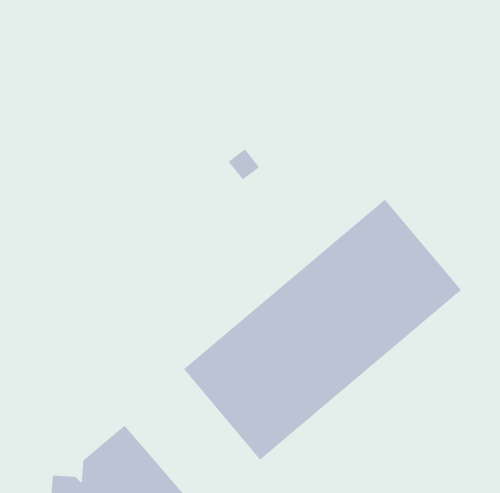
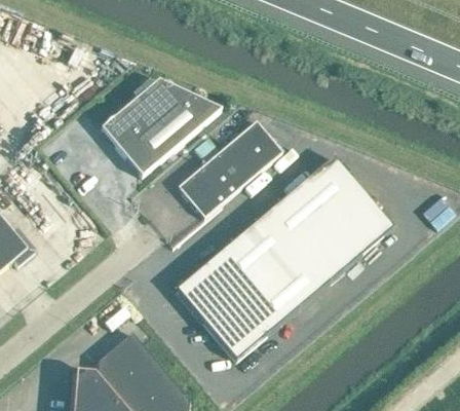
building: none -> [101,77,221,175]
building: none -> [177,118,282,216]

